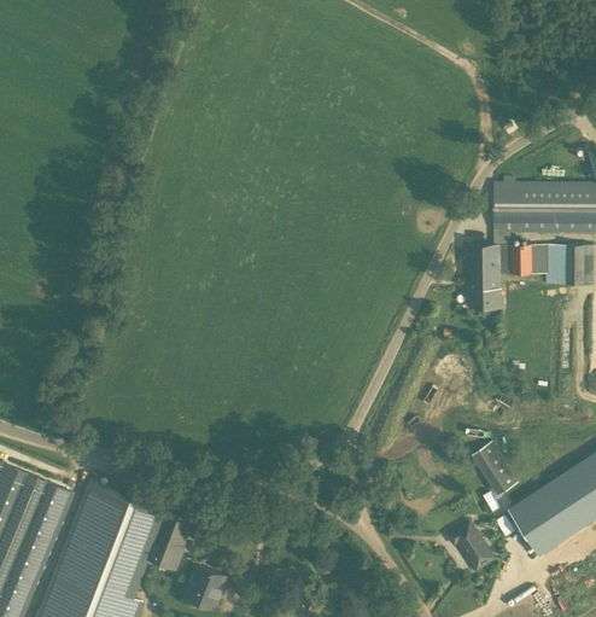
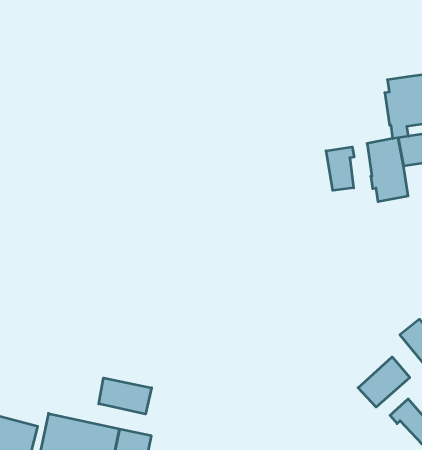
building: none -> [326,147,354,190]
building: none -> [99,378,152,414]
building: none -> [358,357,410,407]

